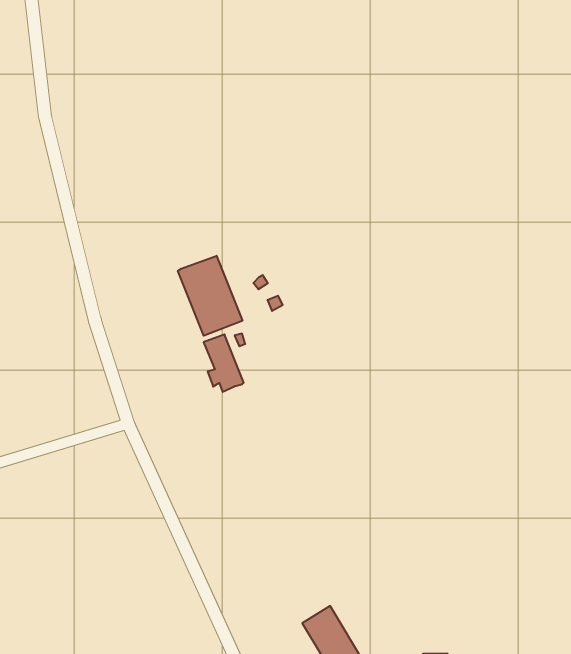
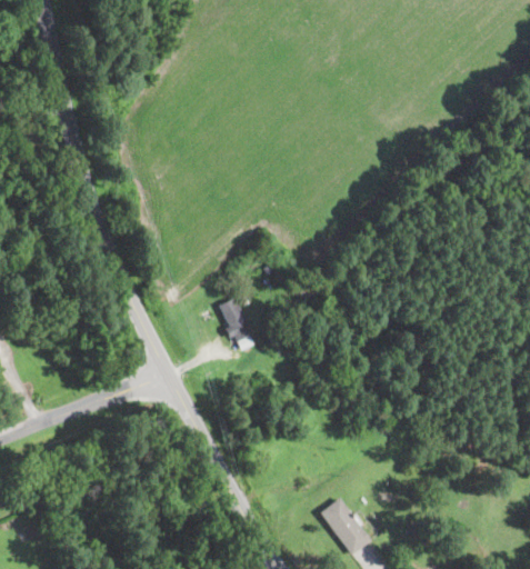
building: [178,256,242,336] -> none

